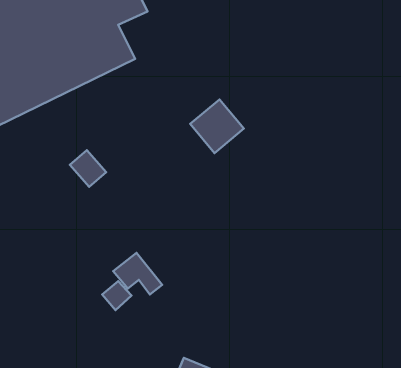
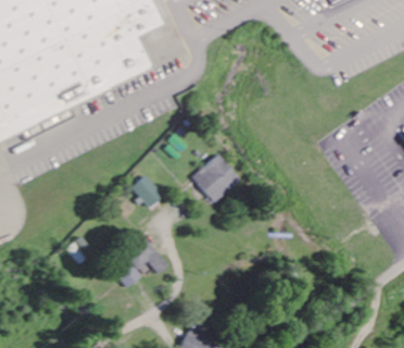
building: [190,99,244,153] -> [194,156,242,203]
building: [70,150,106,187] -> [132,176,165,209]

